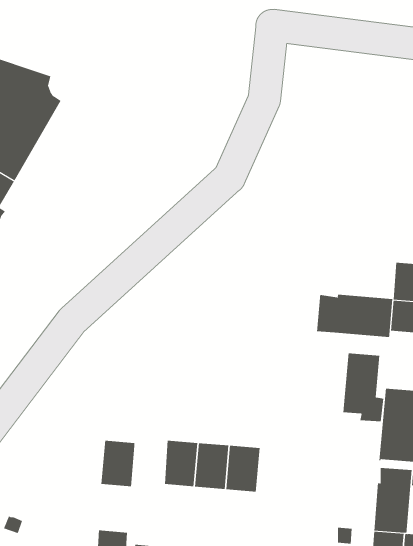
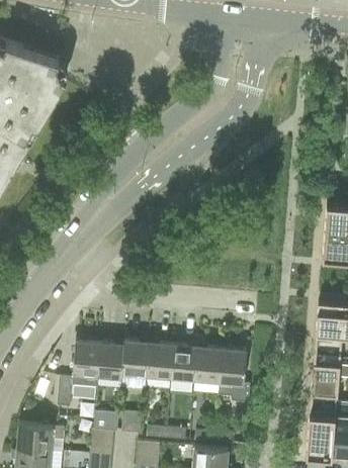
building: [316,294,393,338] -> none
building: [343,353,384,422] -> [218,350,250,403]
building: none -> [57,342,100,409]
building: none -> [120,342,149,392]

